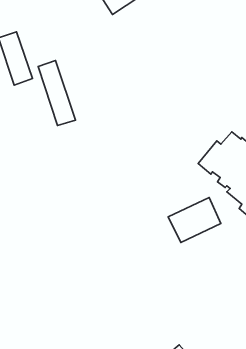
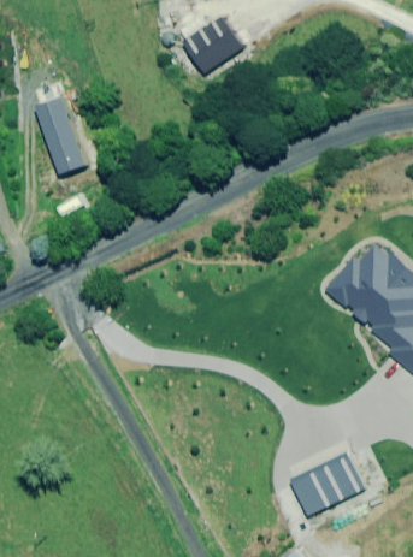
building: [38,60,75,125] -> none
building: [168,198,221,243] -> [290,449,366,514]

